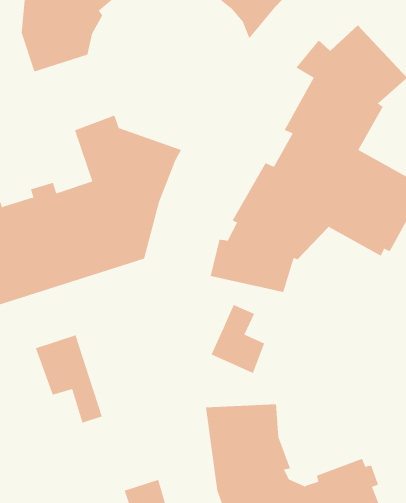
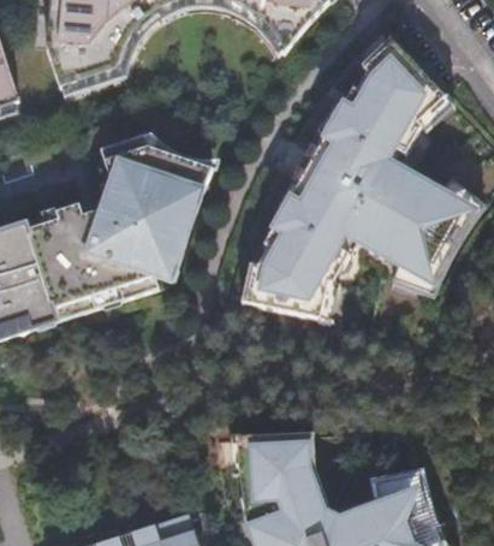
building: [211,304,265,374] -> none
building: [35,334,103,423] -> none

